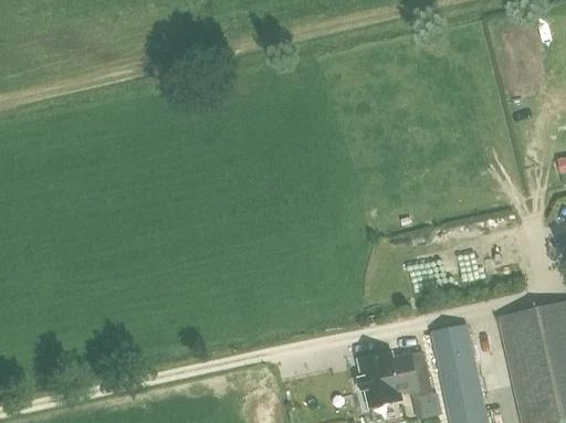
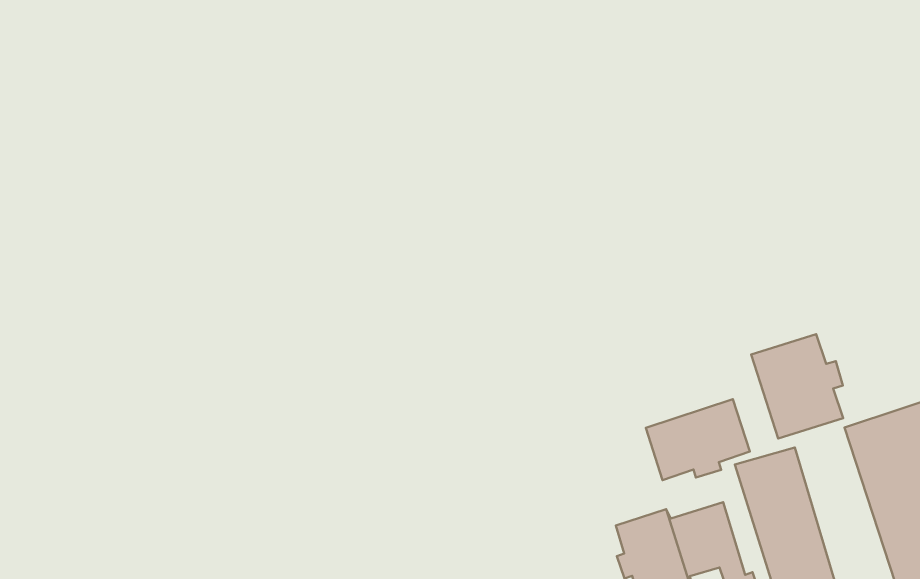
building: none -> [751,334,843,439]
building: none -> [646,399,750,480]

